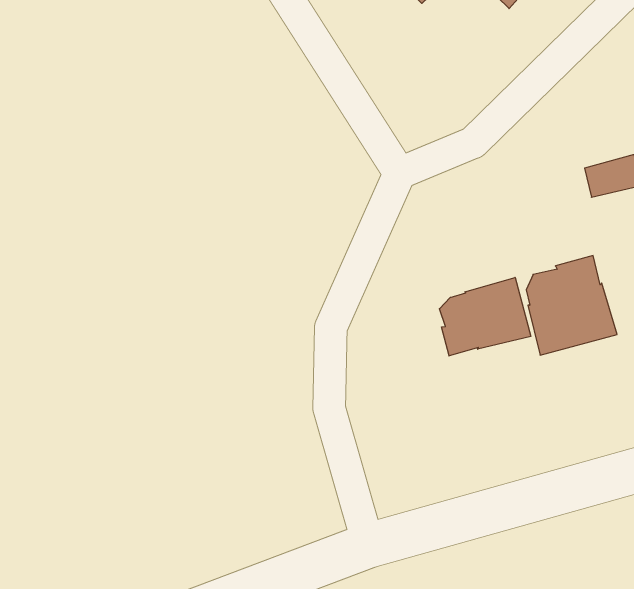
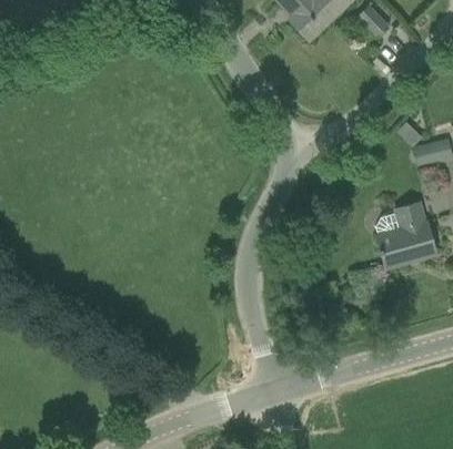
building: [439,277,531,356] -> none

